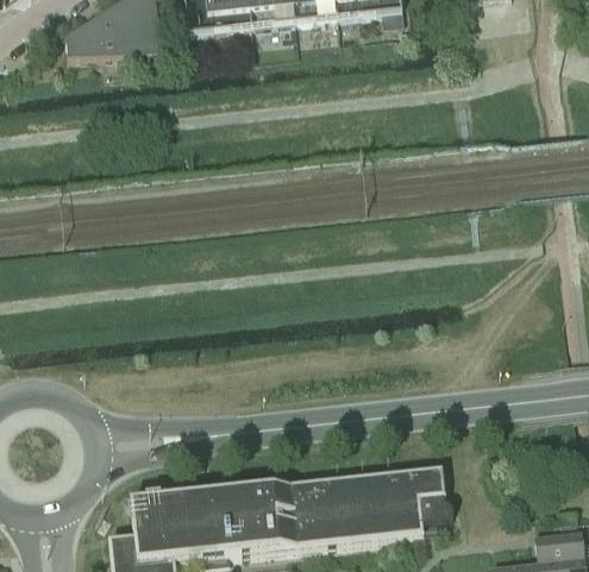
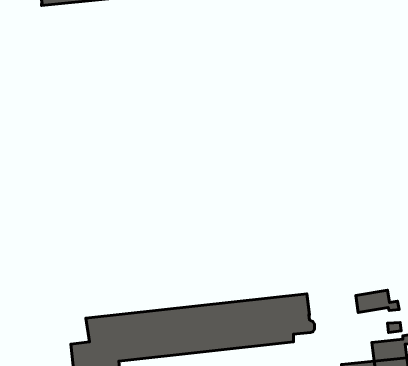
building: none -> [356,290,399,312]

